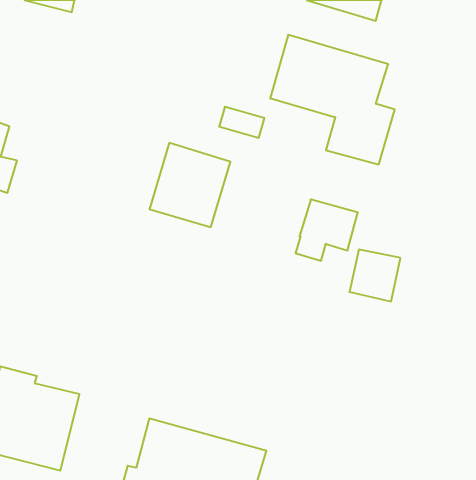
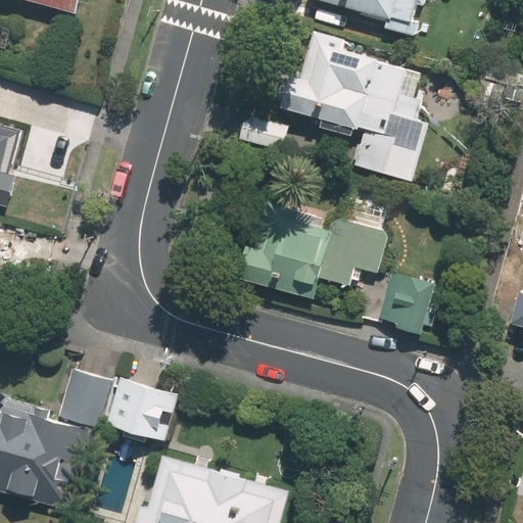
building: [149,143,231,227] -> [244,204,332,295]
building: none -> [56,370,108,427]
building: none -> [104,377,178,440]

